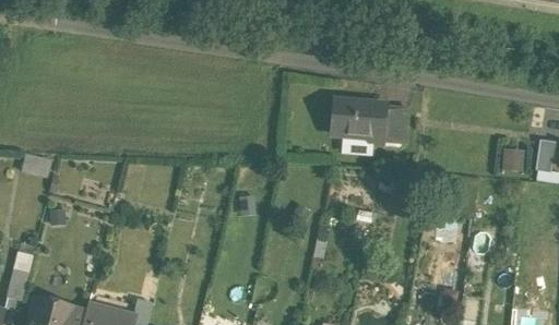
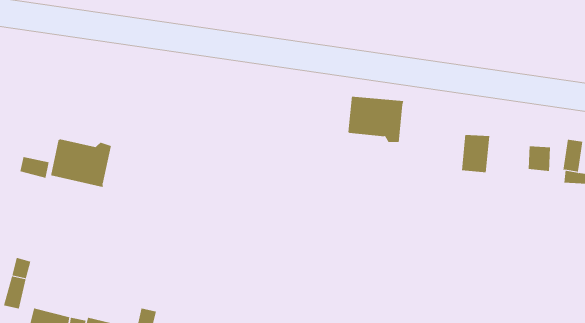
building: [381,106,408,142] -> [461,135,490,173]
building: none -> [50,139,112,188]

